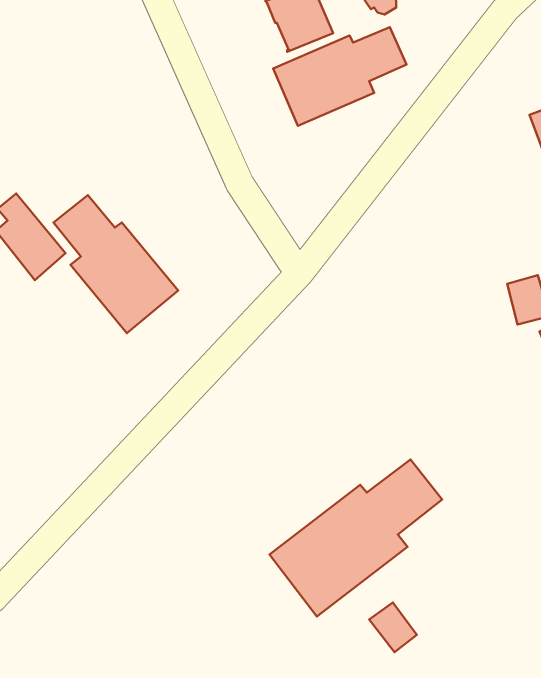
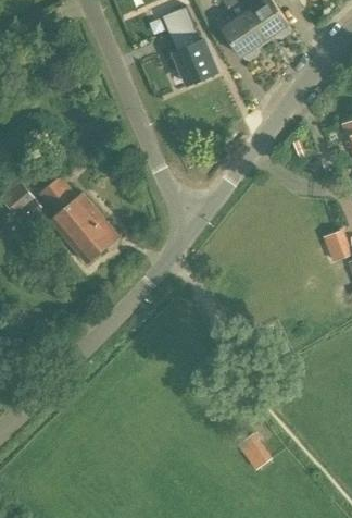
building: [273,27,407,126] -> none
building: [270,459,442,617] -> none

